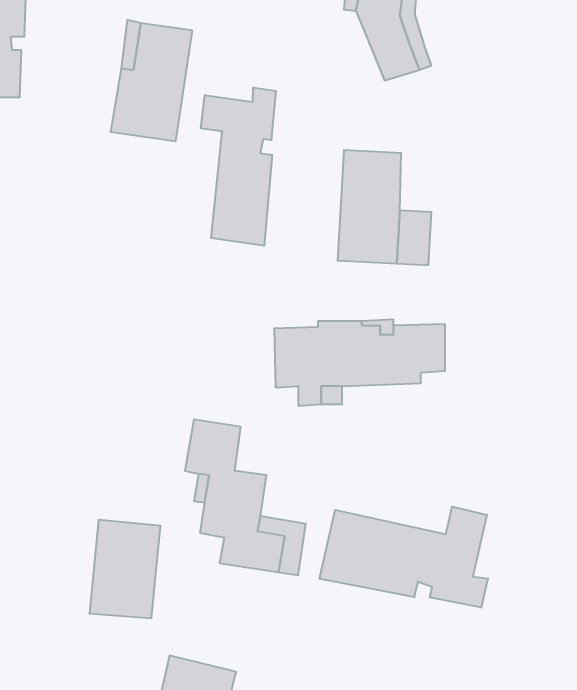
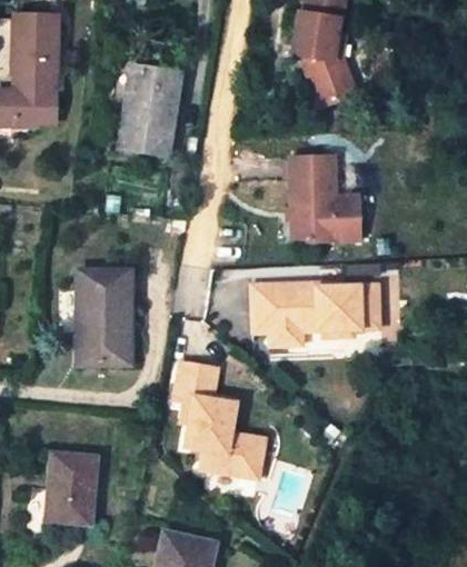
building: [201,87,276,246] -> none
building: none -> [79,268,132,362]
building: [320,507,488,608] -> none
building: [89,520,161,618] -> [47,450,99,523]

